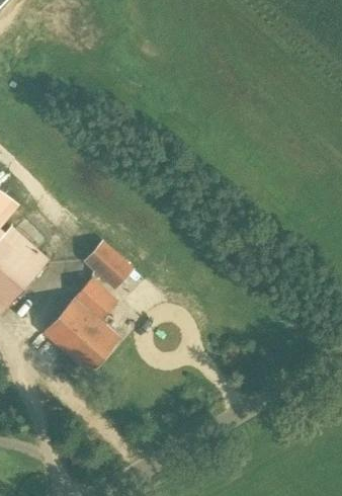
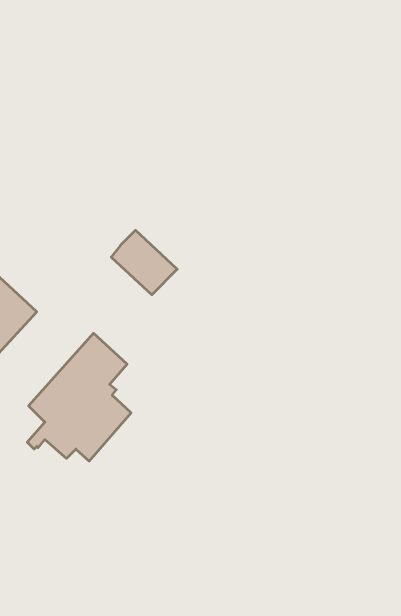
building: [85,240,135,288] -> [111,230,177,295]

